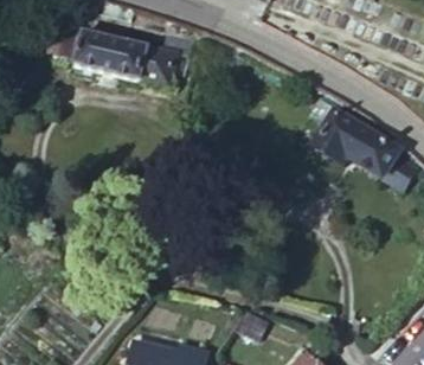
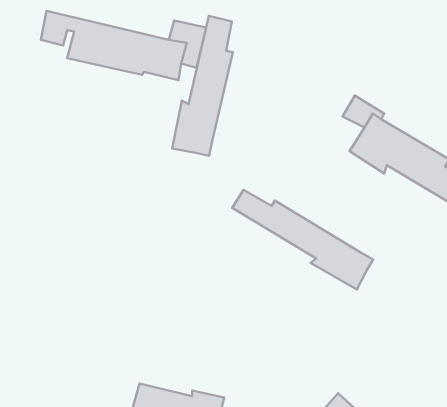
building: none -> [172,16,233,156]
building: none -> [232,190,373,290]

